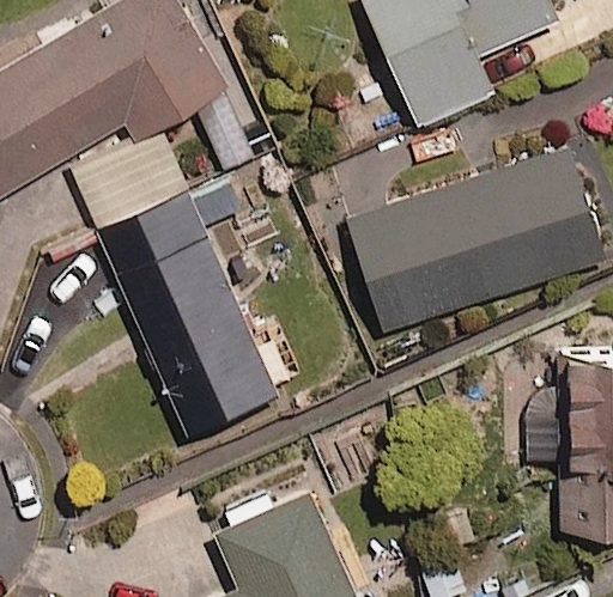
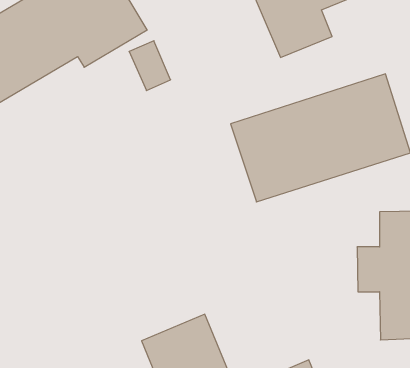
building: [97,191,278,435] -> none

